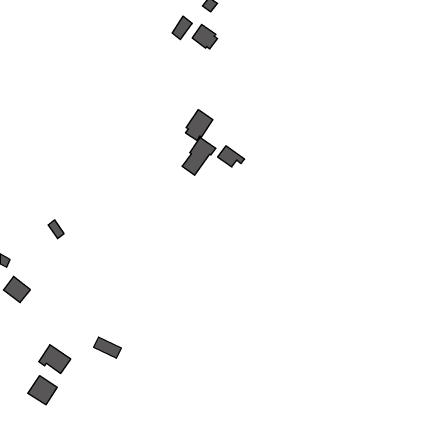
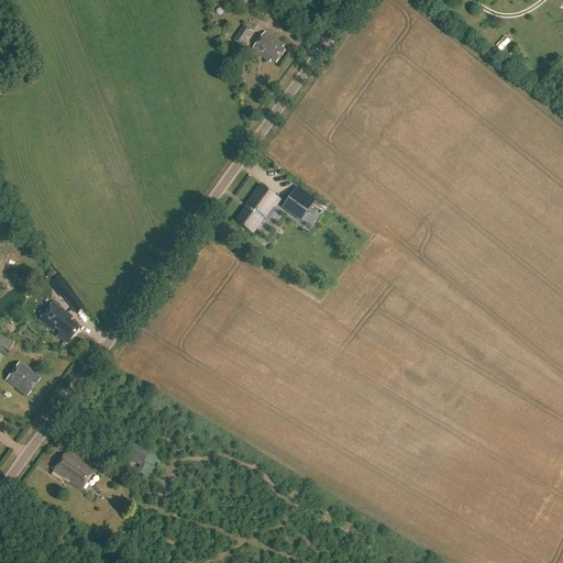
building: [186,110,213,140] -> none
building: none -> [38,300,78,342]
building: [28,376,57,405] -> none

